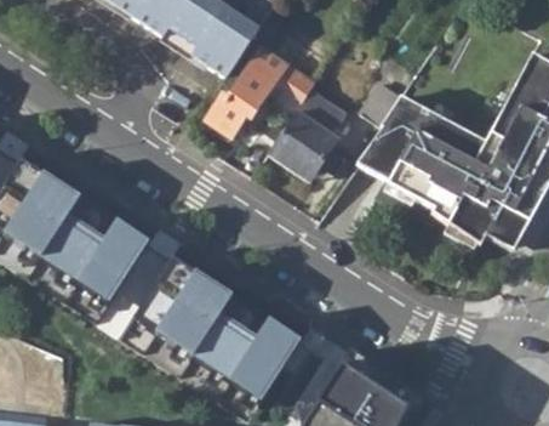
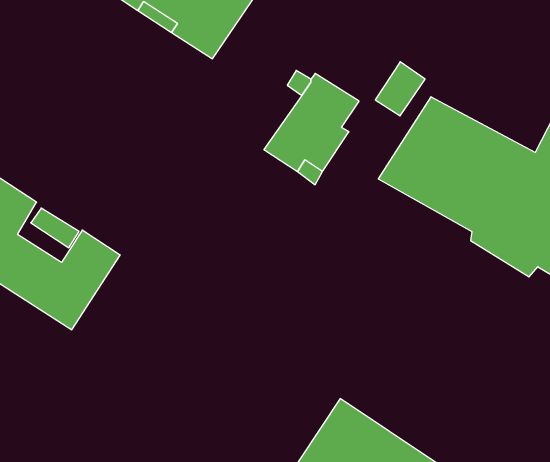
building: [205,44,287,135] -> none
building: [133,252,301,398] -> none

